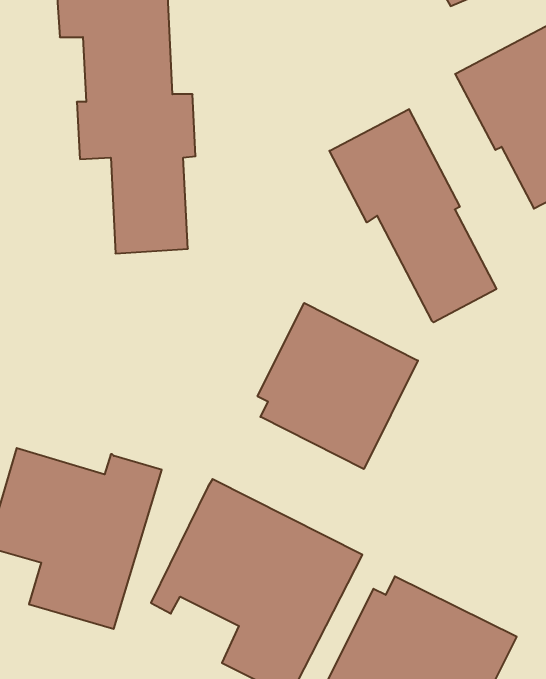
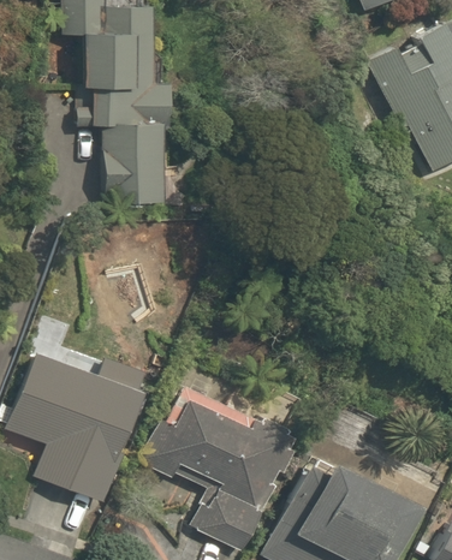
building: [329,109,496,322] -> none
building: [258,303,418,469] -> none

